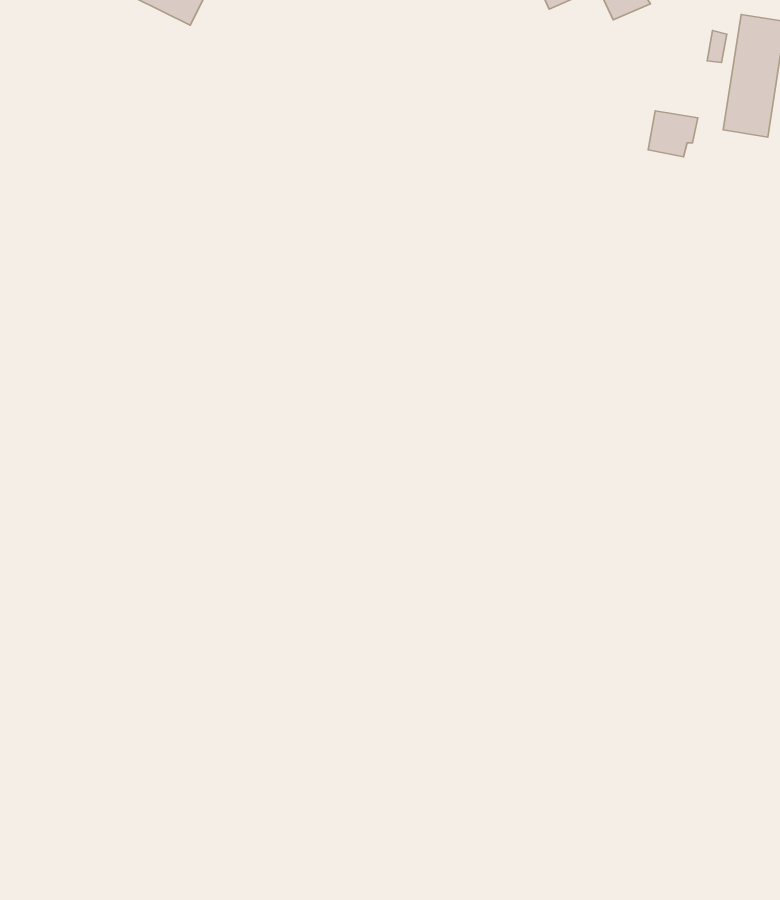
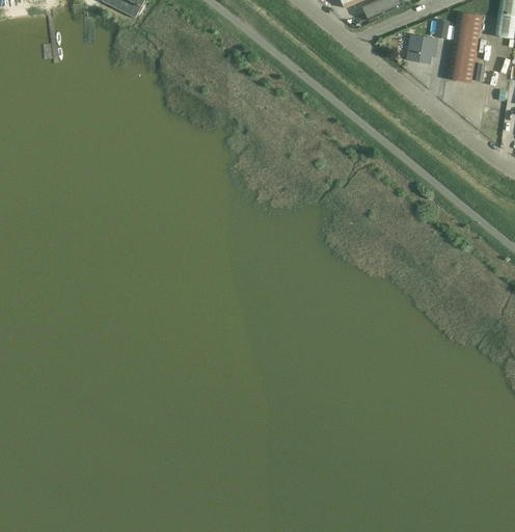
building: [648,111,698,157] -> [409,34,438,61]

